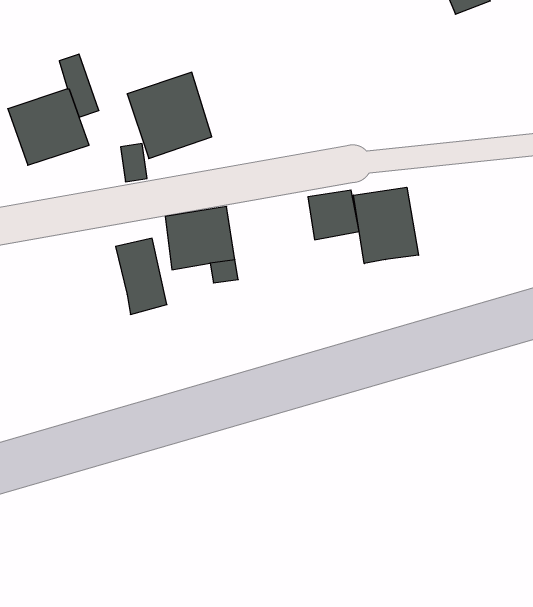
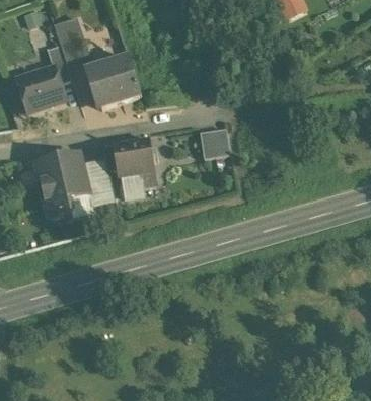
building: none -> [53,16,89,63]
building: [354,187,419,264] -> none
building: none -> [35,152,88,215]

